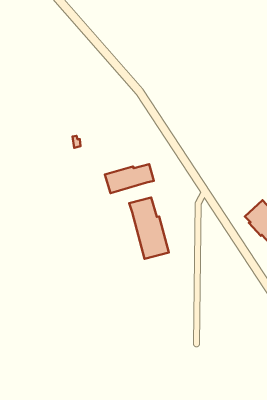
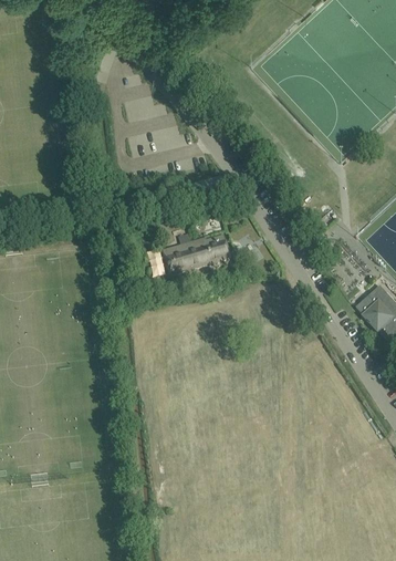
building: [129,197,169,259] -> none

